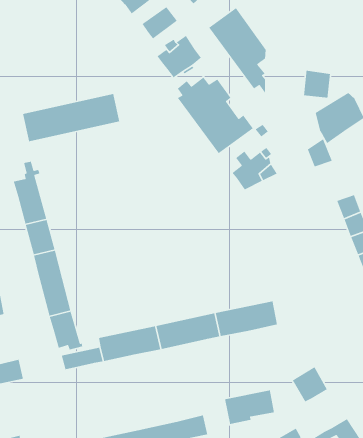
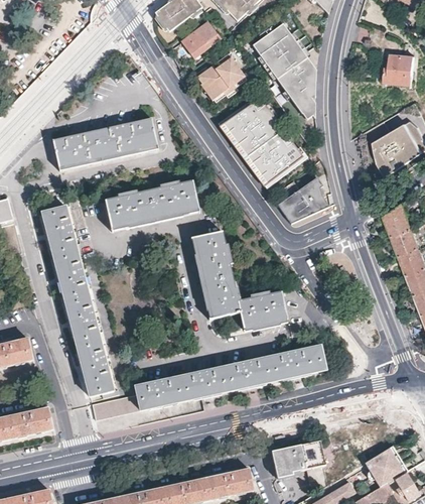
building: [303,70,331,99] -> [384,52,414,84]
building: [307,138,333,168] -> [384,203,412,235]
building: none -> [104,180,199,232]
building: none -> [191,233,288,329]
building: [292,366,328,402] -> [365,447,404,486]

